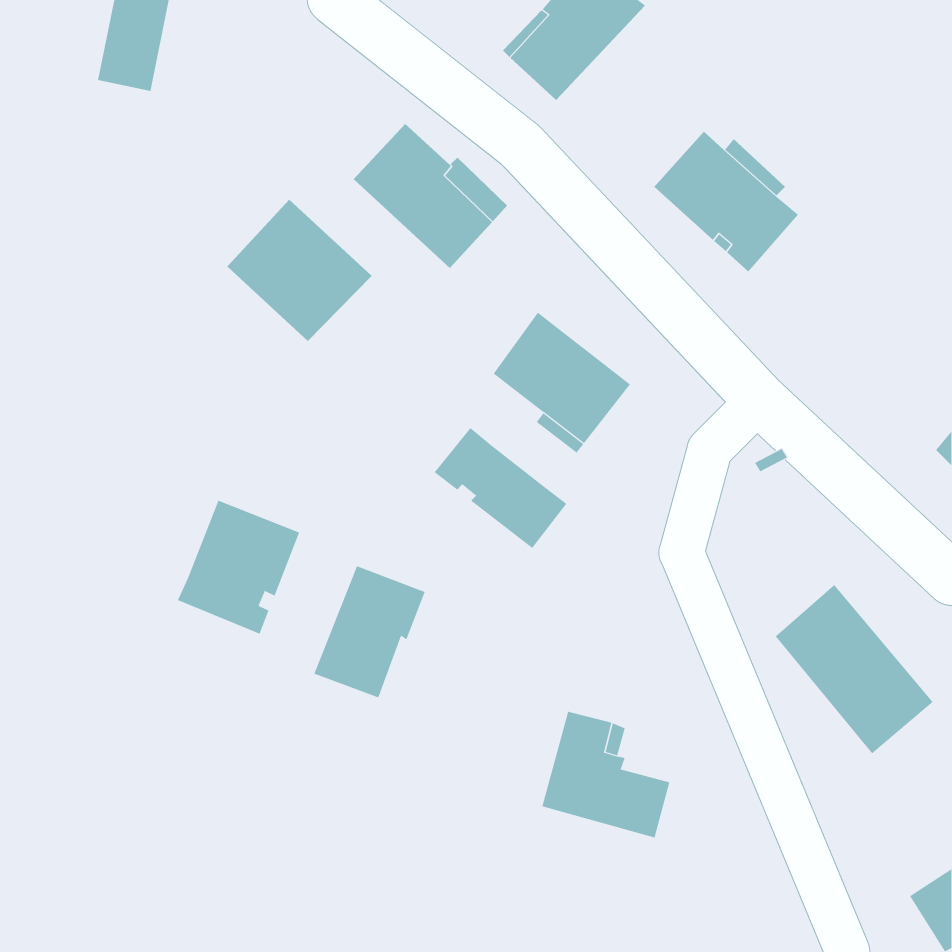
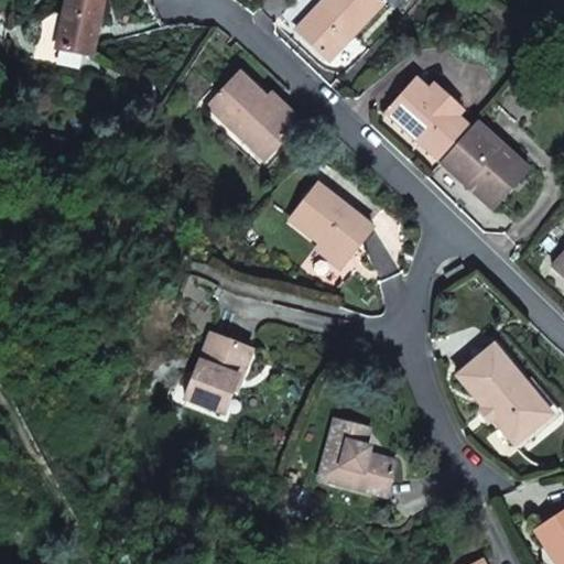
building: [227,199,372,342] -> none
building: none -> [441,121,530,209]
building: [434,427,567,549] -> none
building: [177,500,300,634] -> none

